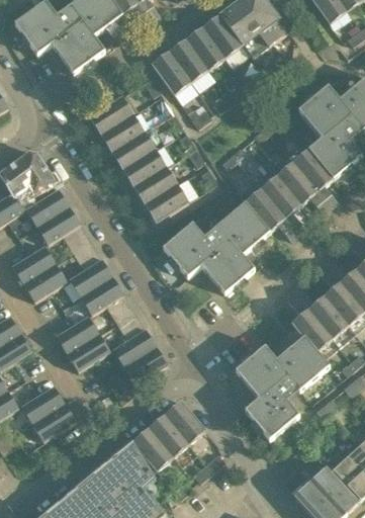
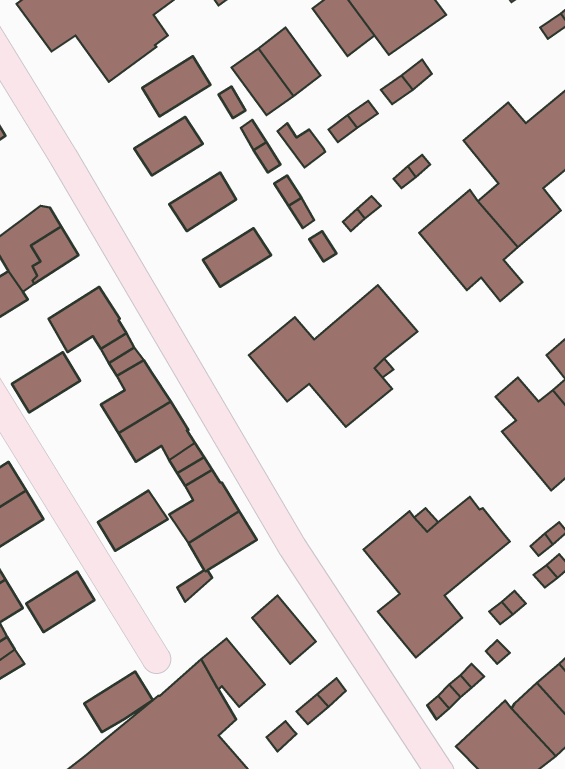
building: [185,26,224,69] -> none
building: [100,112,144,151] -> [142,56,210,117]
building: [122,148,165,186] -> none
building: [238,169,304,240] -> none
building: [18,183,67,224] -> none
building: [144,183,187,221] -> none
building: [22,263,66,301] -> none
building: [287,288,354,359] -> none
building: [55,315,98,353] -> none
building: [31,403,75,441] -> [84,672,153,732]
building: [148,414,188,456] -> none

